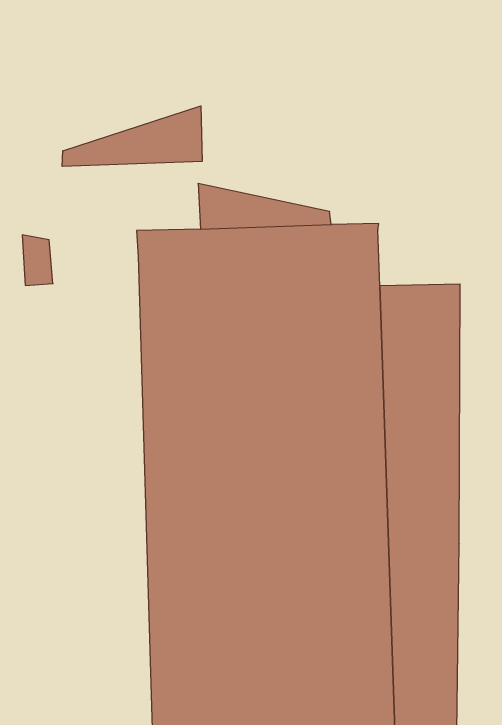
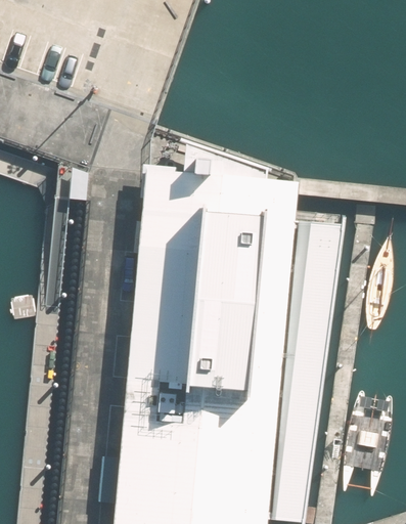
building: [62,106,202,166] -> none

